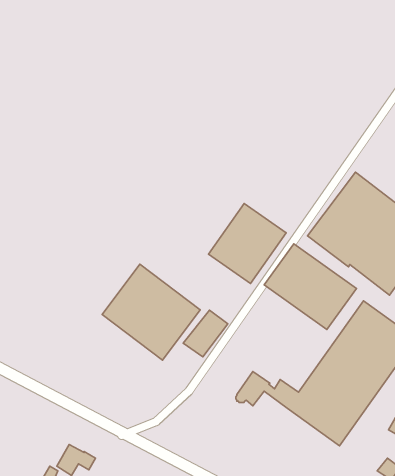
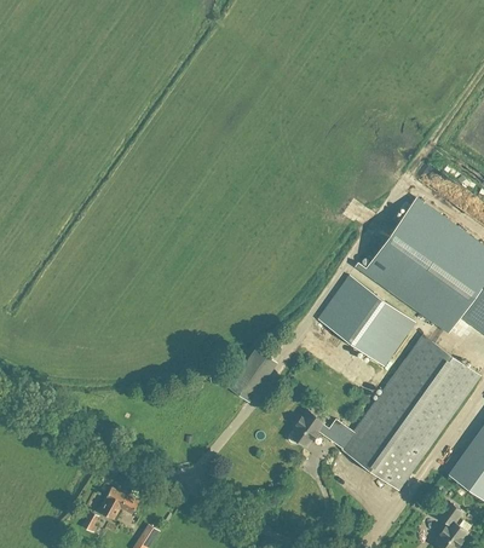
building: [208,204,286,283] -> none
building: [102,264,200,360] -> none

